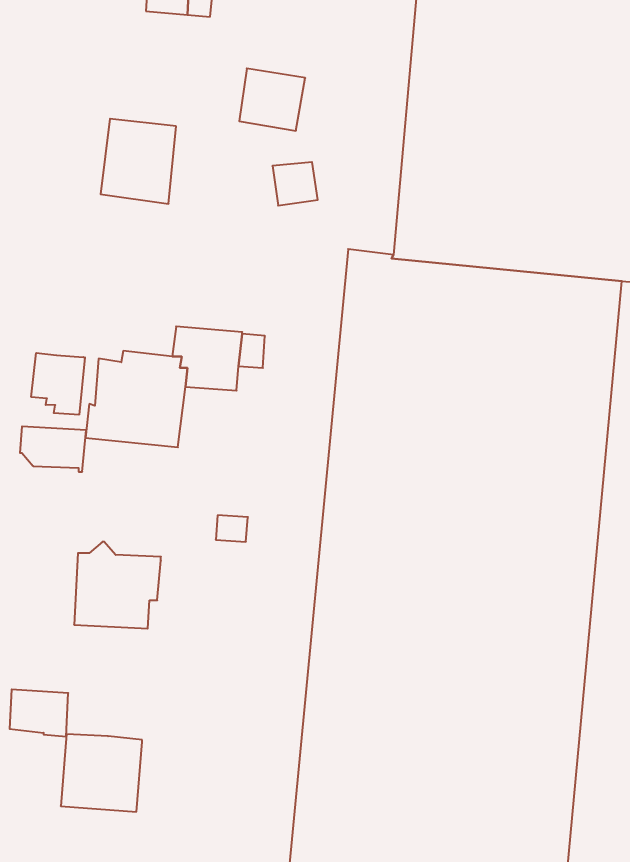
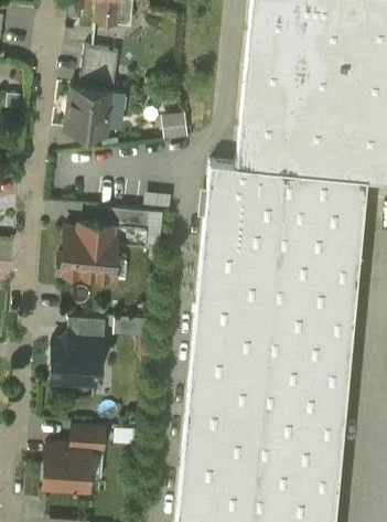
building: [239,68,305,131] -> [79,47,118,84]
building: [31,353,85,415] -> none
building: [20,426,86,472] -> [66,318,105,344]
building: [10,689,68,737] -> [69,424,104,451]

